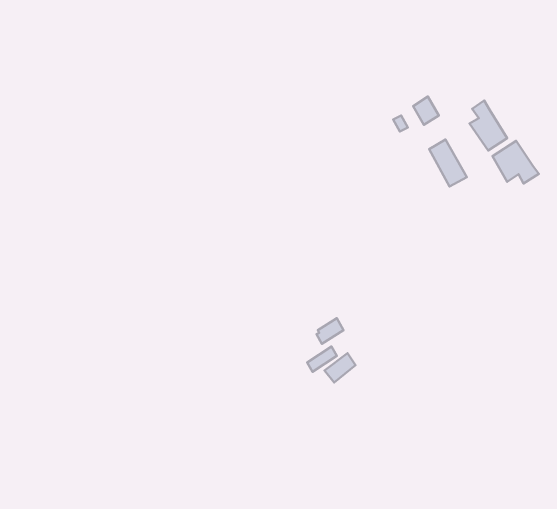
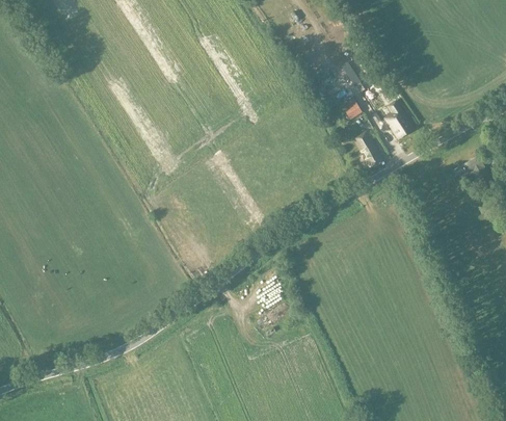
building: [493,141,539,183] -> none

